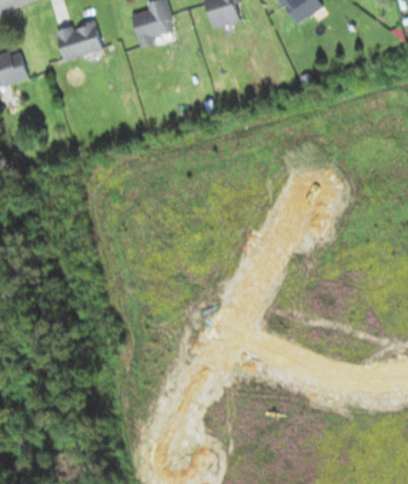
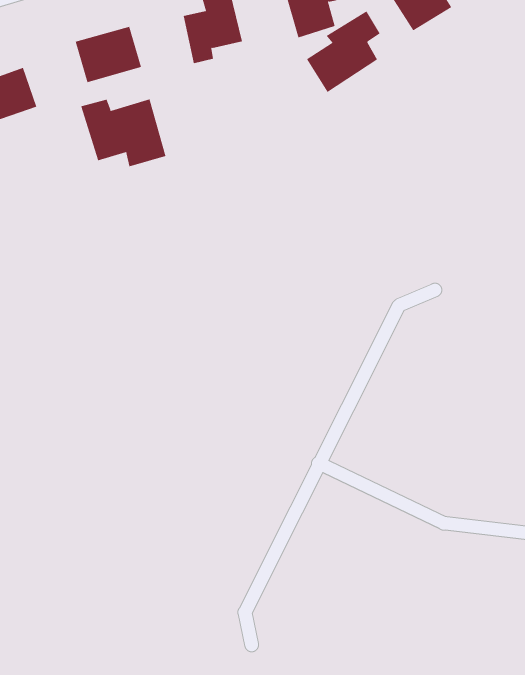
building: none -> [306,10,381,93]
building: none -> [80,99,166,167]

